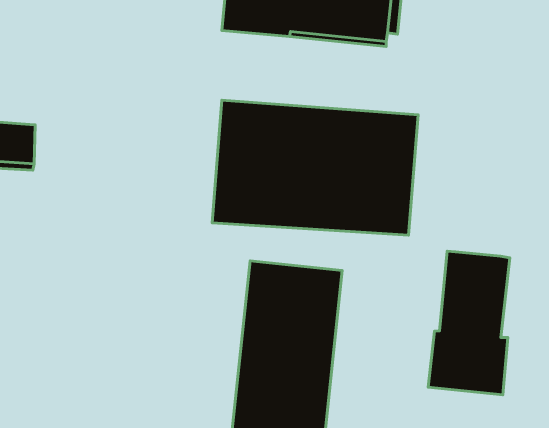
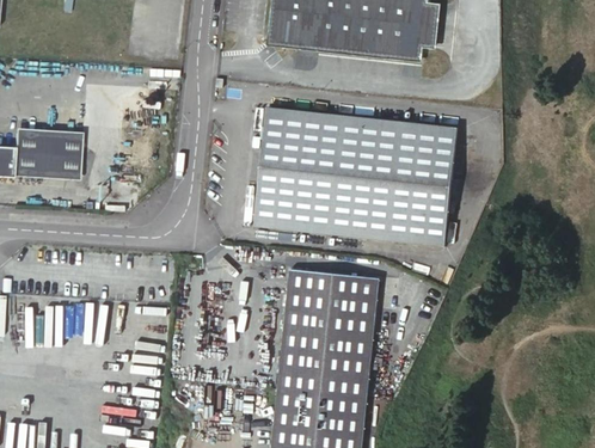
building: [428,251,510,395] -> none

